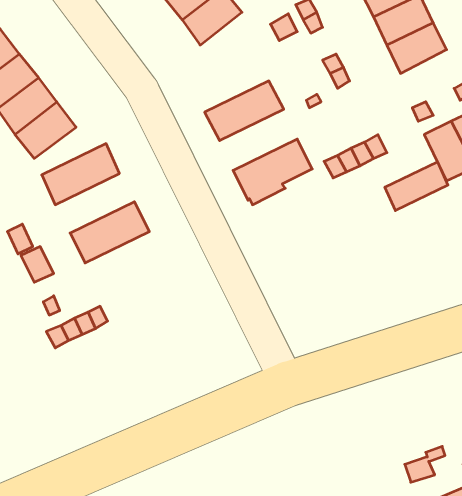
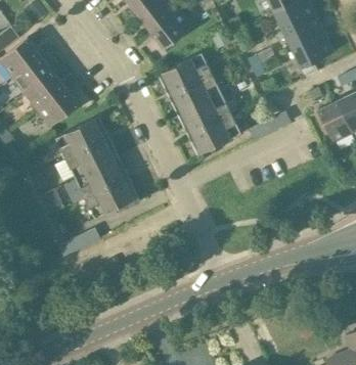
building: none -> [157,52,210,94]
building: none -> [176,92,229,134]
building: [385,162,448,211] -> none
building: none -> [63,136,118,177]
building: none -> [84,176,138,218]

